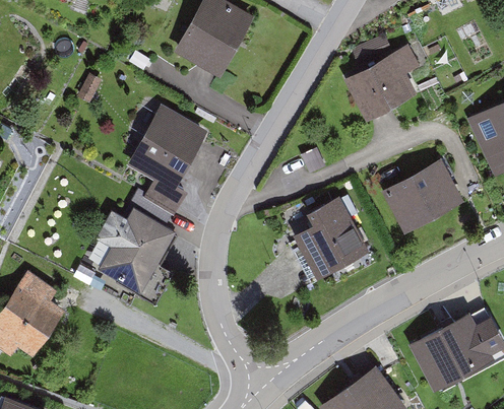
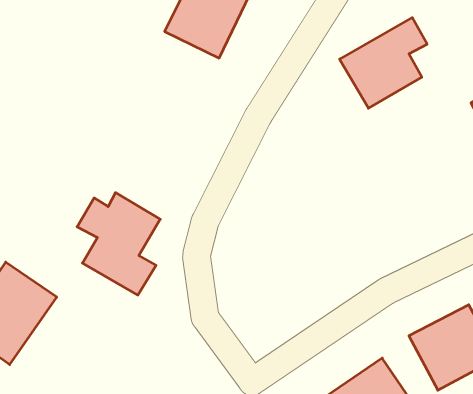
building: [125,104,204,214] -> none
building: [379,157,460,230] -> none
building: [292,195,364,274] -> none

